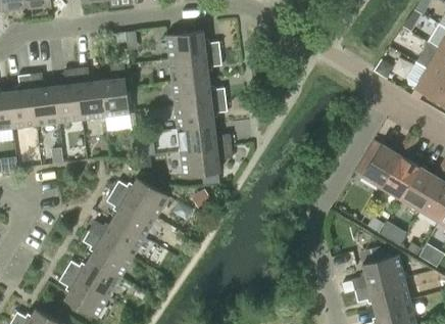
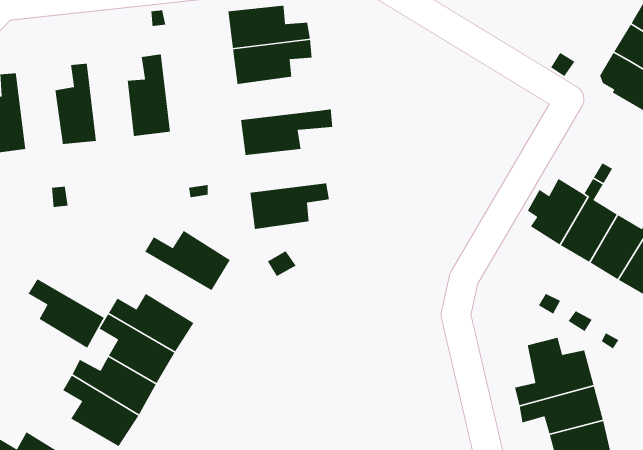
building: [76,67,105,120] -> none
building: [30,73,59,125] -> none
building: [172,78,226,105] -> none
building: [178,125,231,152] -> none
building: [106,191,156,237] -> [28,278,105,349]

